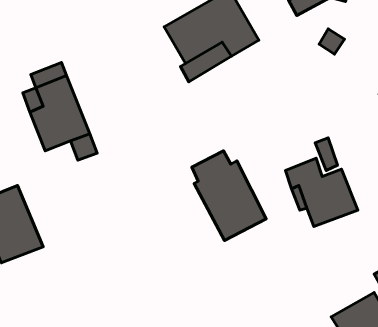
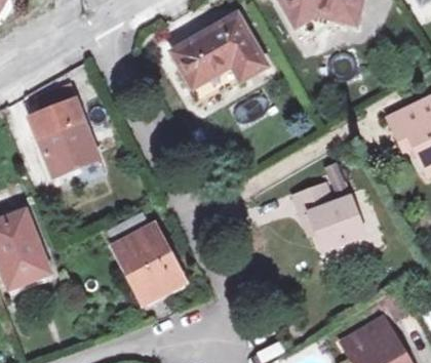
building: [192,151,266,240] -> [110,212,185,302]

